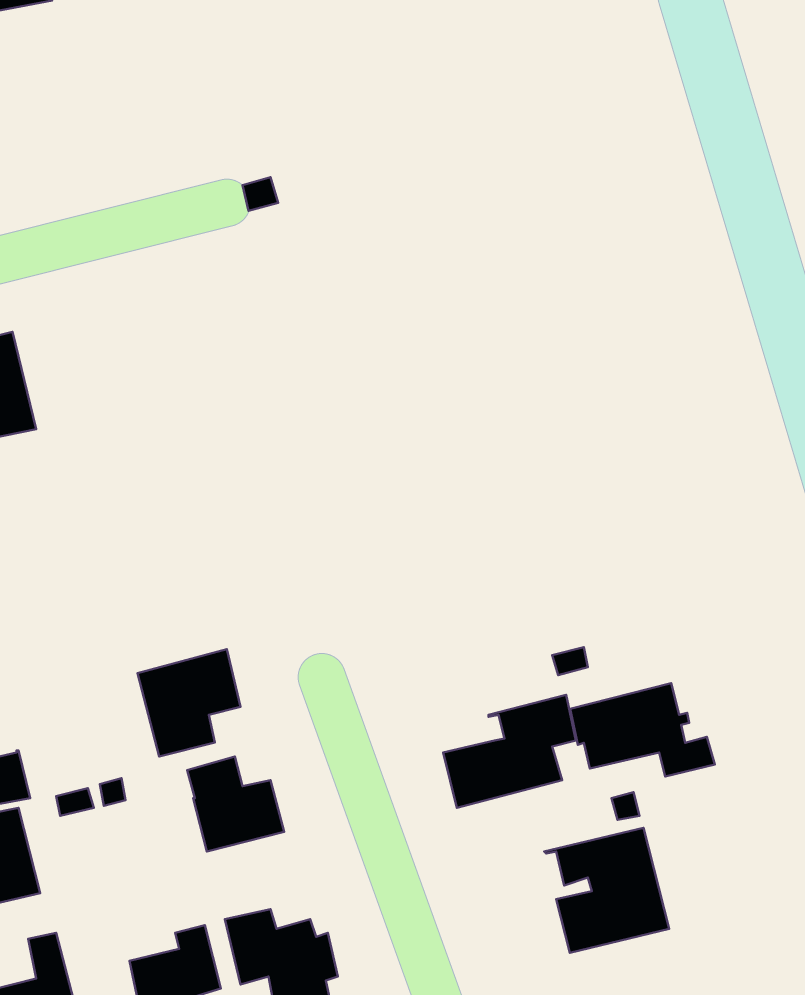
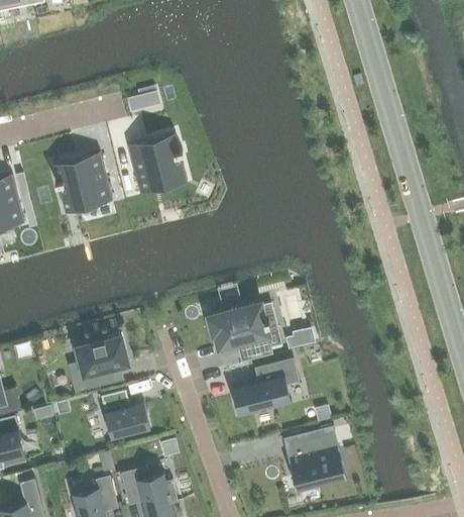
building: none -> [128,132,188,193]
building: none -> [52,151,113,209]
building: [570,683,715,776] -> [209,304,282,351]

